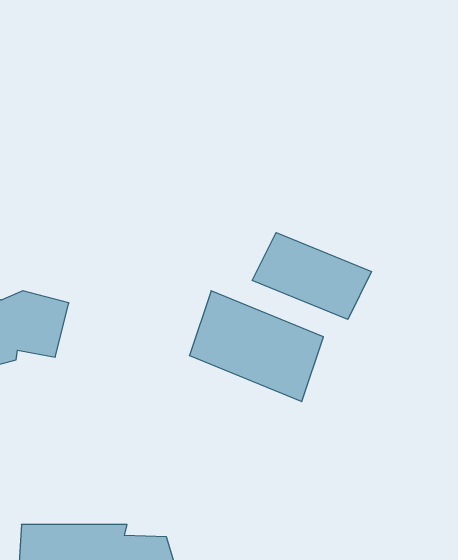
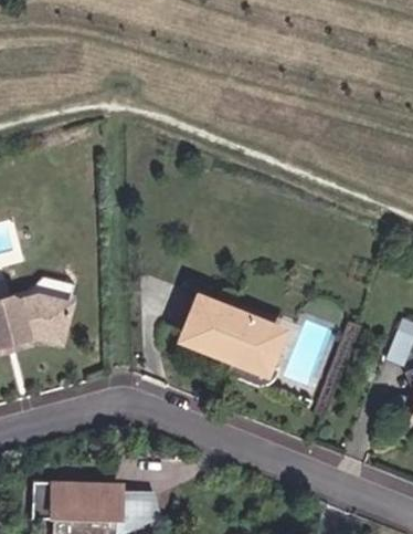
building: [252,233,372,319] -> none

